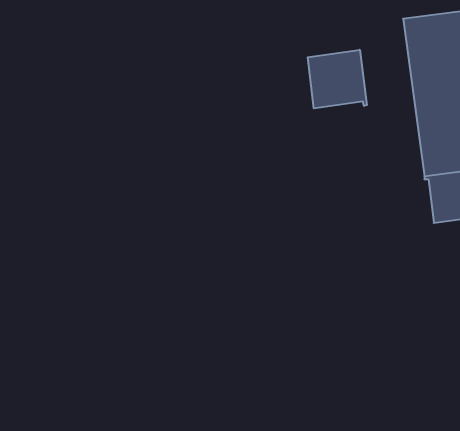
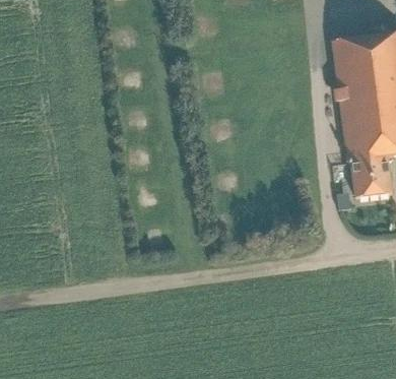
building: [308,50,367,108] -> none

